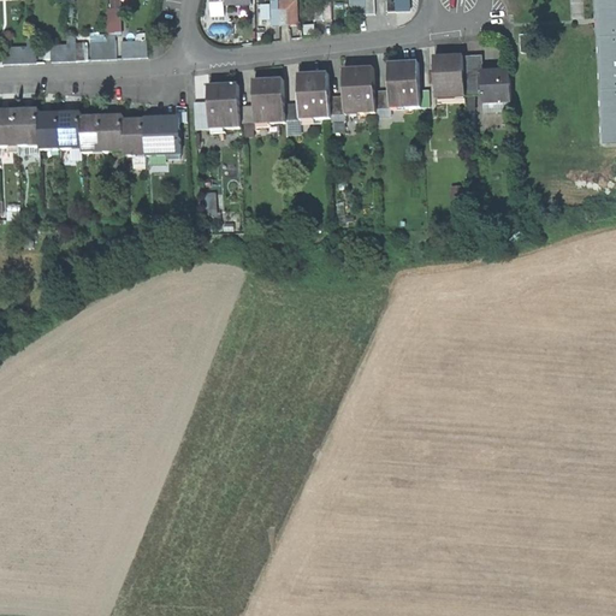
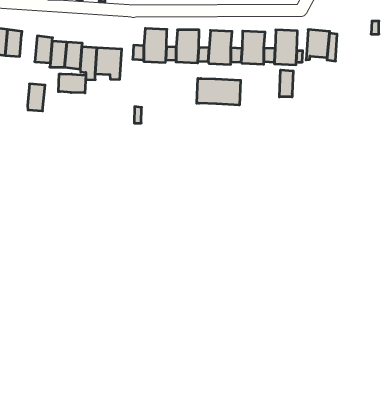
building: [480,69,510,101] -> none
building: [36,111,59,148] -> [28,84,45,111]
building: none -> [279,70,293,97]
building: none -> [197,78,241,105]
building: none -> [58,74,86,93]

